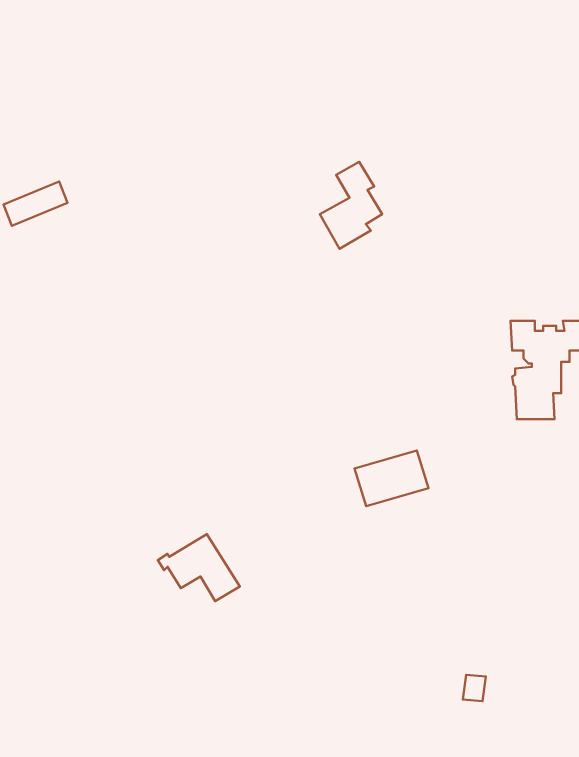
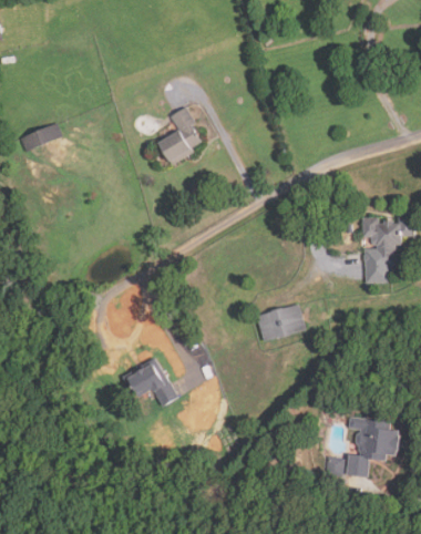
building: [320,162,382,249] -> [157,106,199,165]
building: none -> [345,415,398,476]

